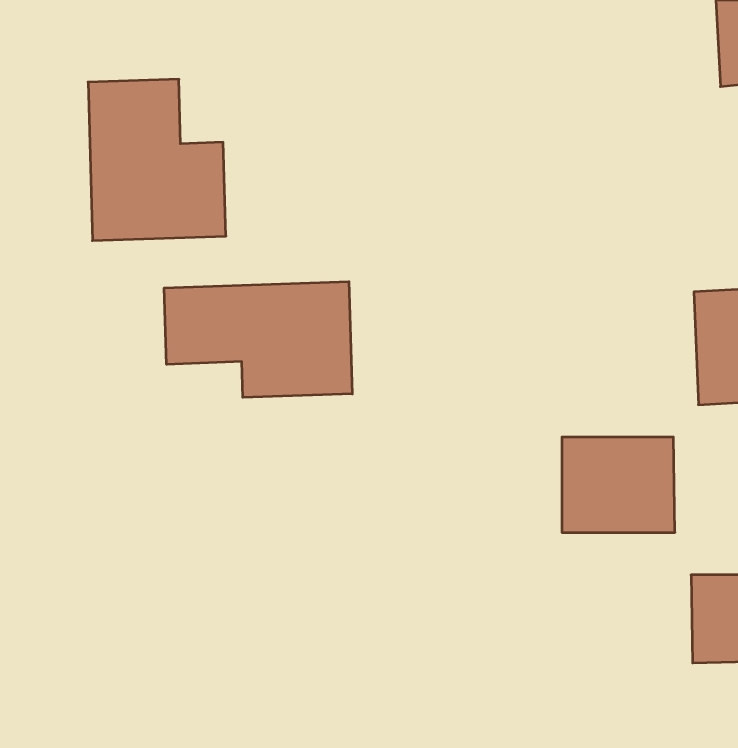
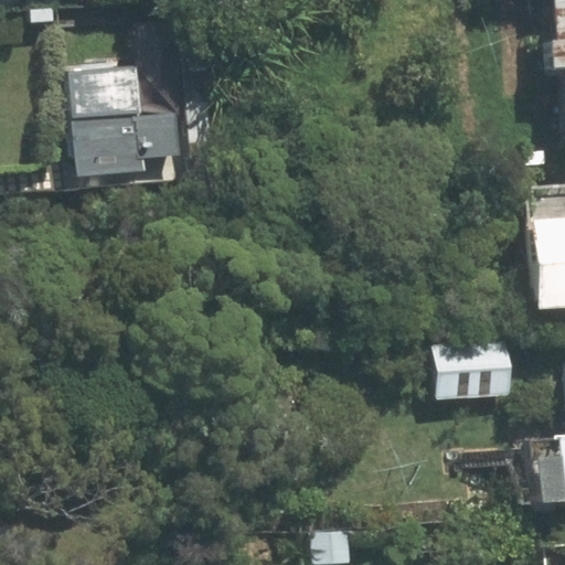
building: [164,282,352,397] -> none

